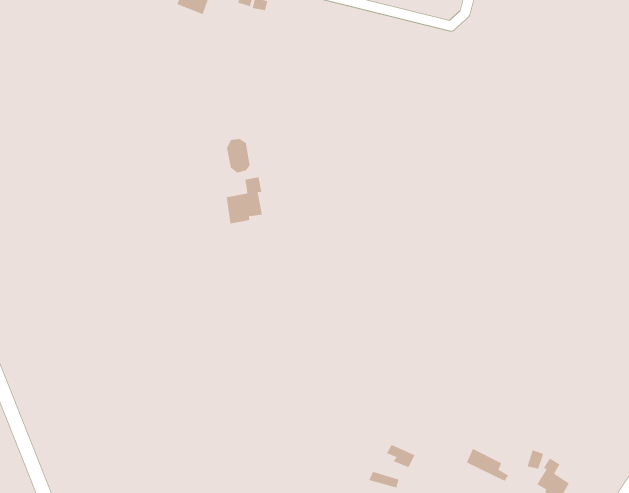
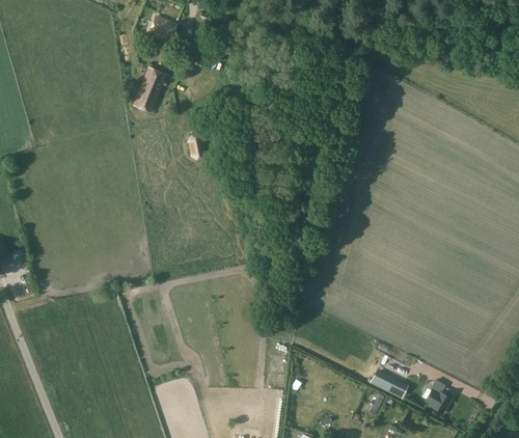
building: none -> [134,66,166,110]
building: [226,176,263,224] -> none

